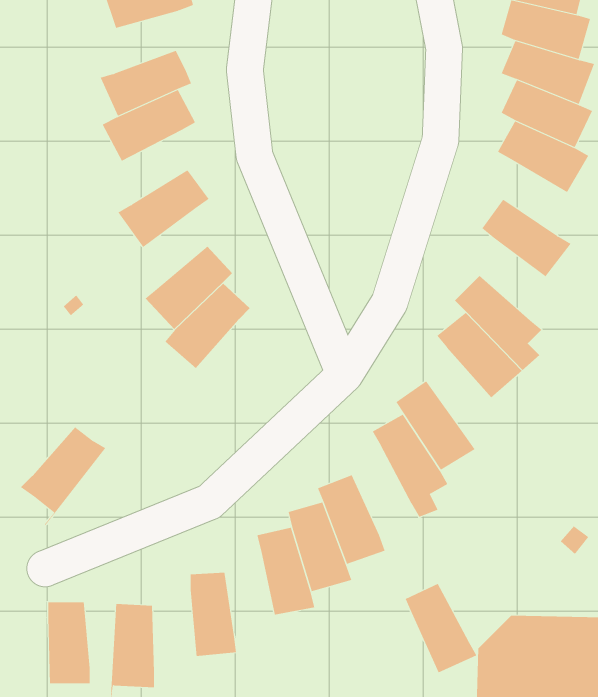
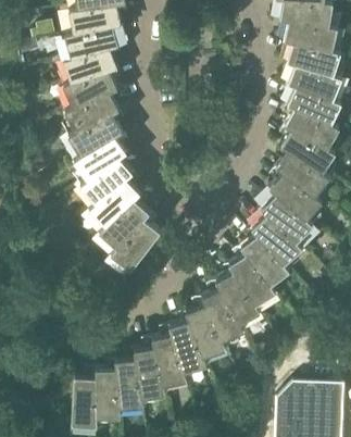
building: none -> [65,49,116,84]
building: none -> [70,115,122,157]
building: none -> [281,132,333,174]
building: none -> [82,159,133,203]
building: none -> [269,175,319,221]
building: none -> [241,236,288,285]
building: [20,427,106,526] -> [112,221,160,276]
building: none -> [134,349,164,397]
building: [405,583,477,673] -> [202,290,242,340]
building: [47,602,90,684] -> [95,371,118,416]

